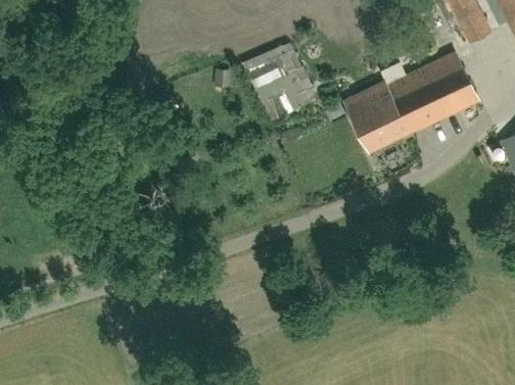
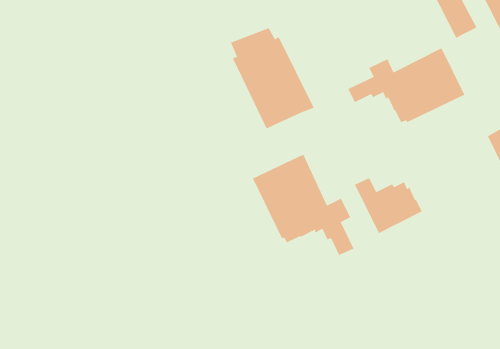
building: [343,94,413,151] -> [354,177,423,234]
building: none -> [252,154,354,256]

